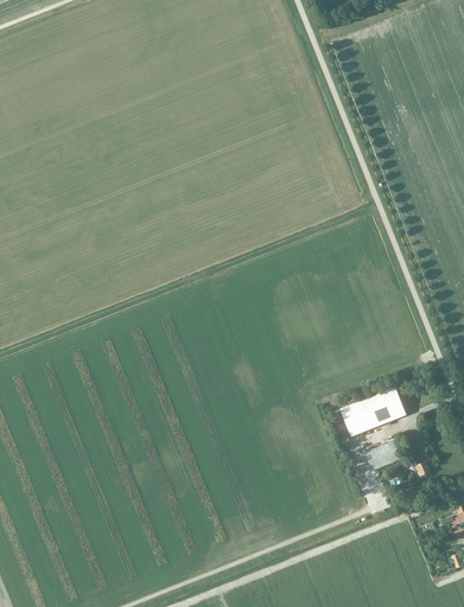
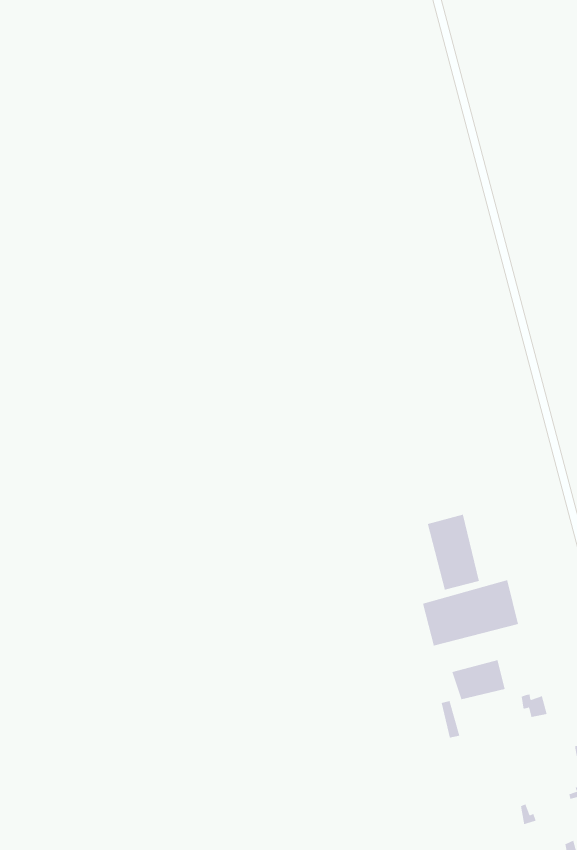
building: none -> [427,514,479,591]

